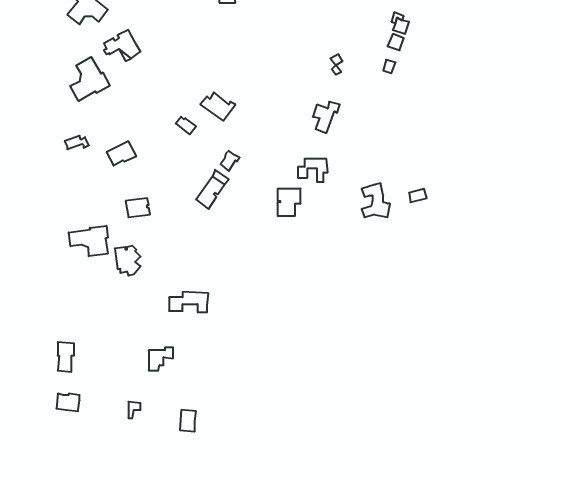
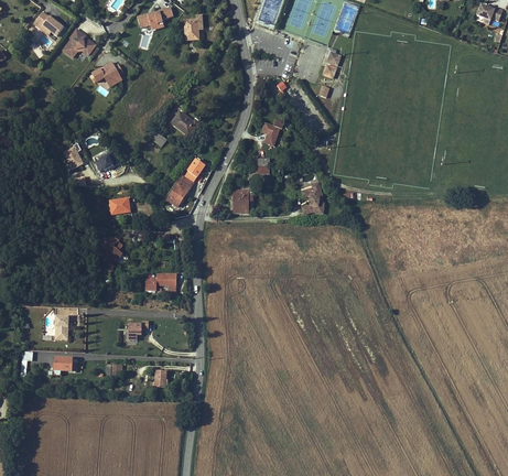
building: [70,57,110,101] -> none
building: [69,226,108,256] -> none

